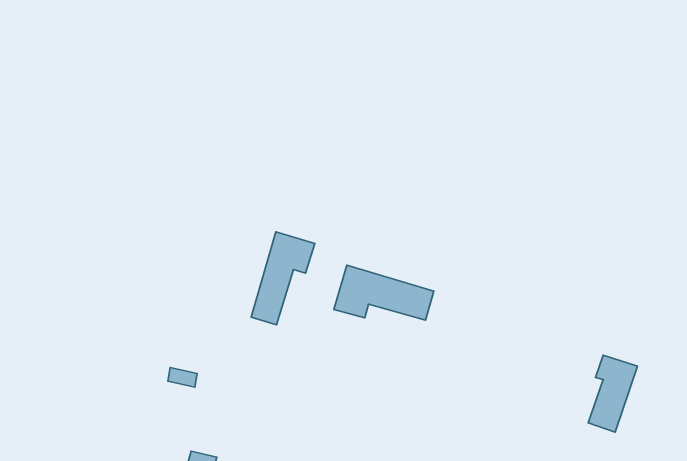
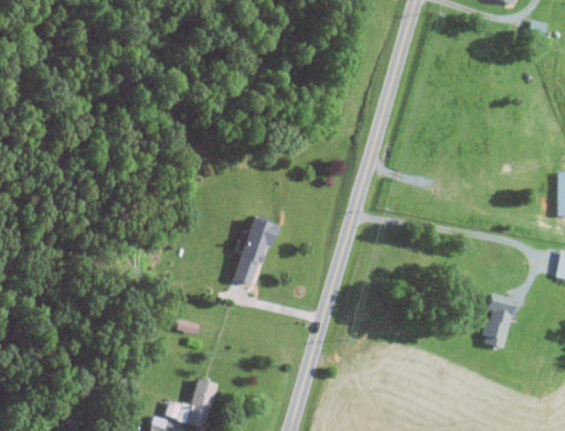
building: [334,265,434,320] -> none

